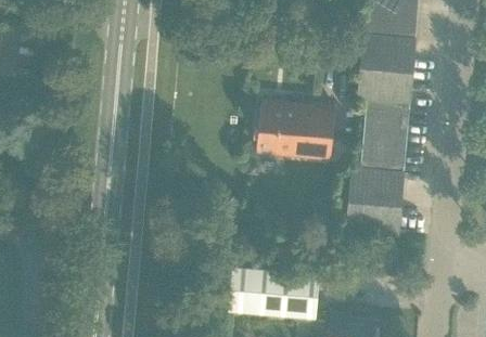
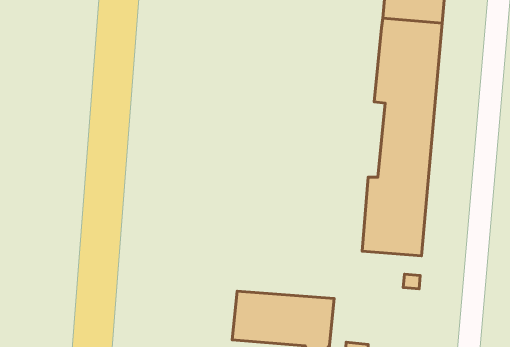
building: [257,99,335,158] -> none

